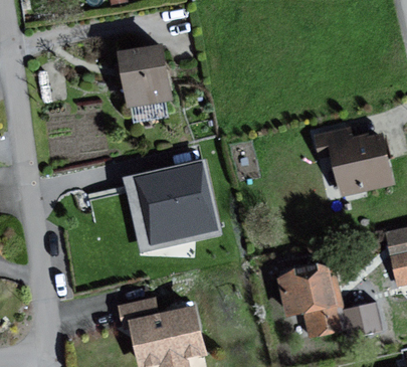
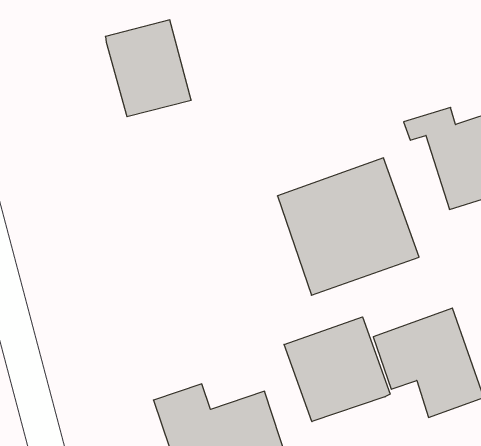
building: [125,160,216,247] -> [277,158,419,295]
building: none -> [284,317,390,422]

